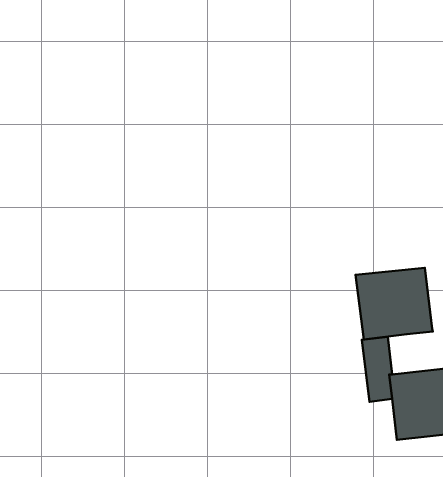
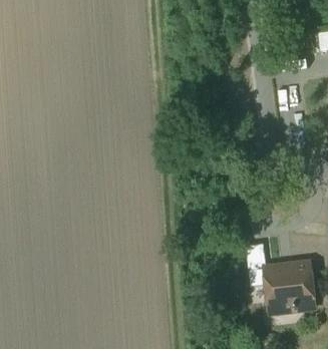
building: [356,268,433,340] -> none

